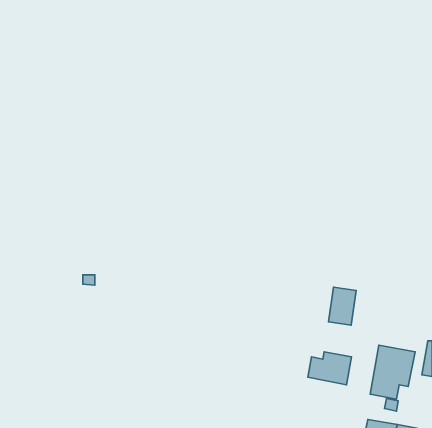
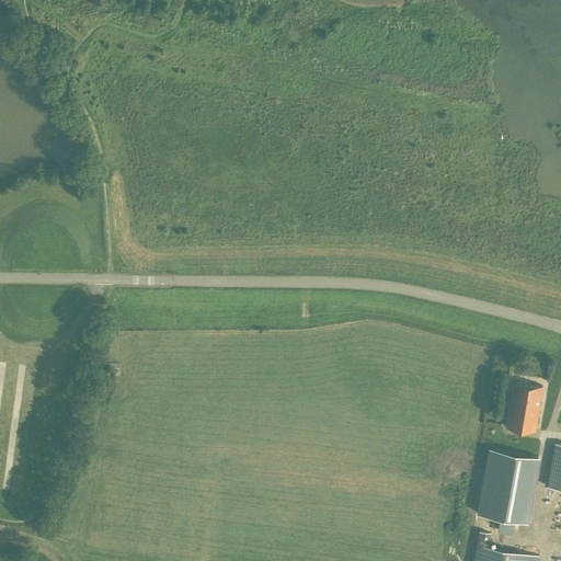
building: [328,287,356,325] -> [506,386,542,435]
building: [308,352,352,385] -> none

